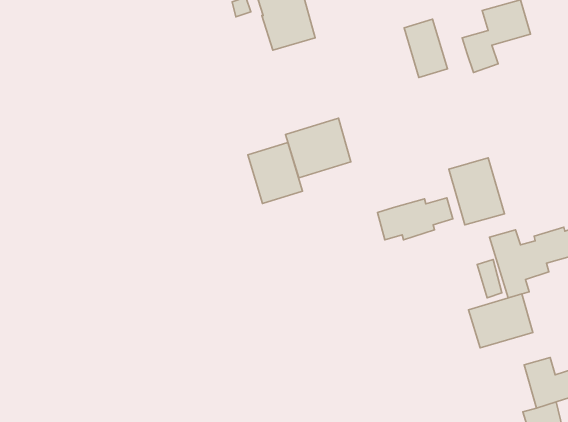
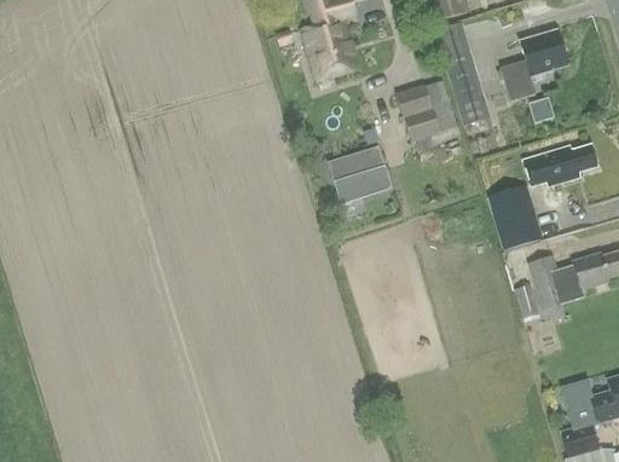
building: none -> [397,83,441,142]
building: [248,142,302,204] -> none
building: [377,198,453,240] -> [523,144,597,185]
building: [468,294,533,348] -> none

